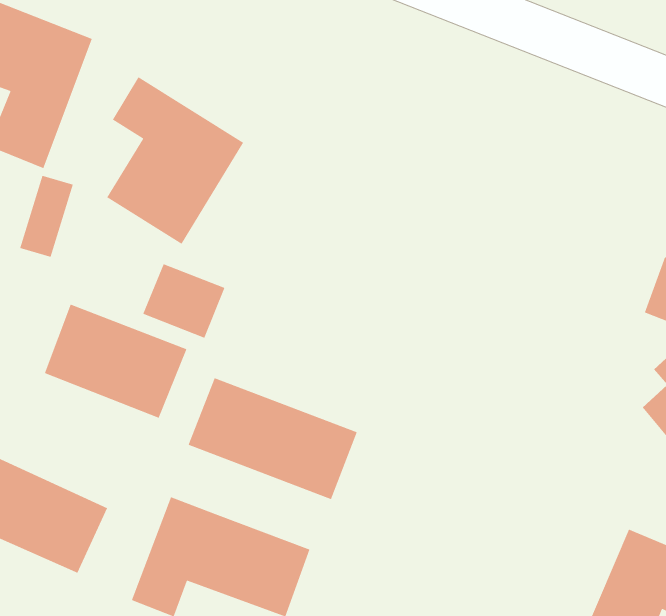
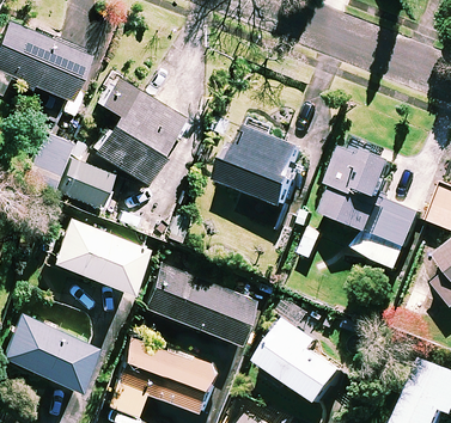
building: none -> [225,128,307,209]
building: none -> [325,145,423,271]
building: [142,263,226,339] -> [62,161,115,209]
building: none -> [258,321,343,405]

